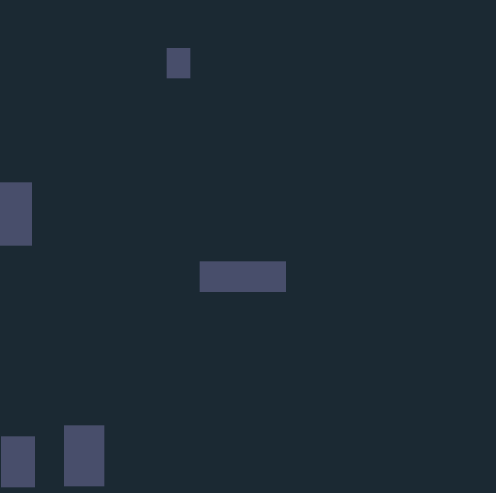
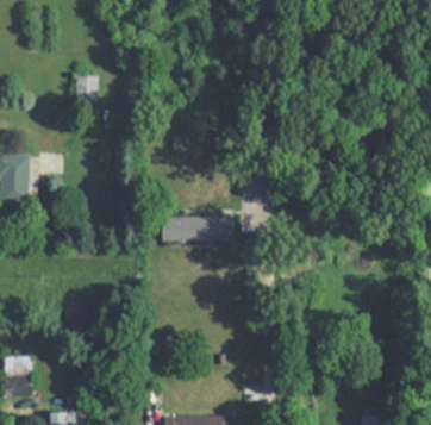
building: [166,47,191,79] -> [76,75,96,100]
building: [64,425,105,487] -> none

